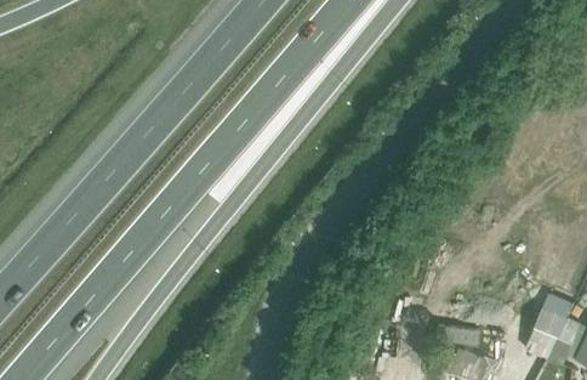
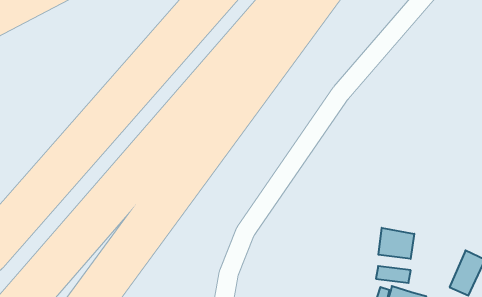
building: none -> [378,228,414,259]

